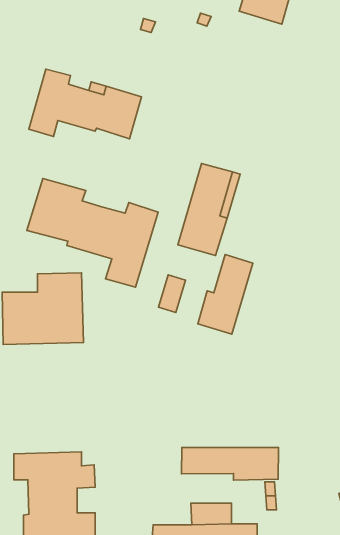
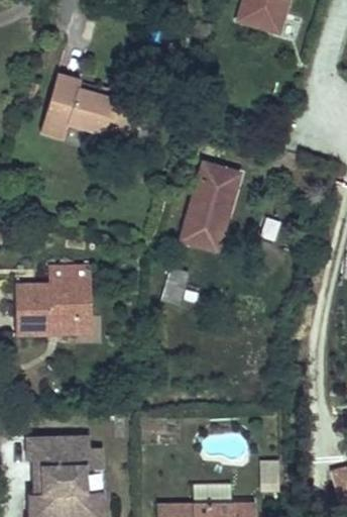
building: [27,178,158,287] -> none
building: [198,255,253,334] -> none
building: [181,447,278,480] -> none

